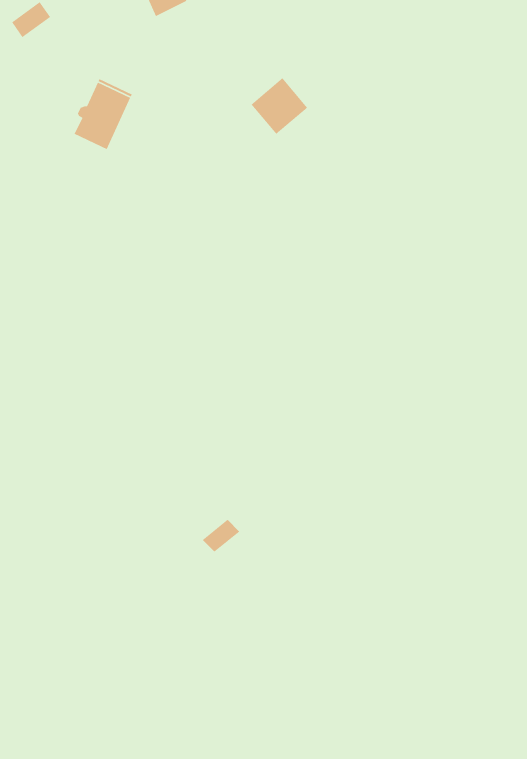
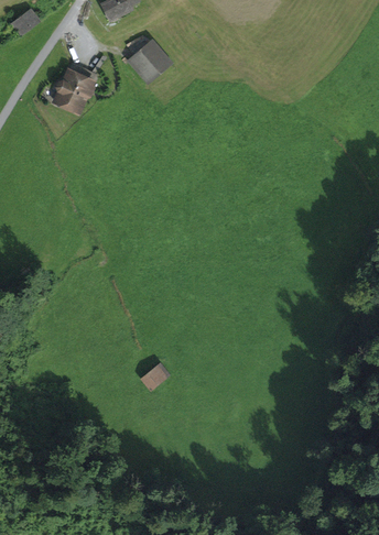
building: [250,77,308,135] -> [128,42,167,81]

